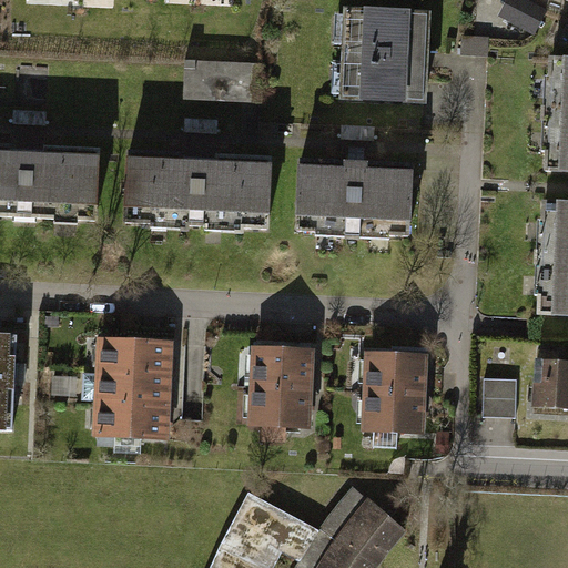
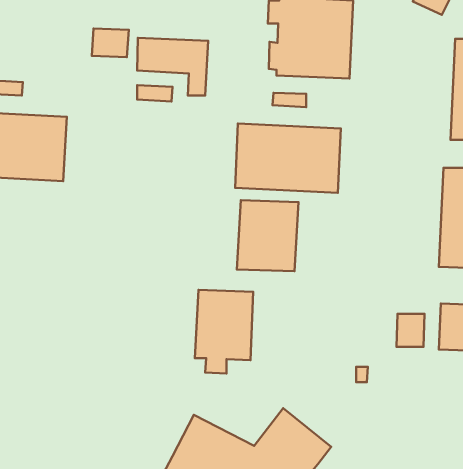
building: none -> [92,28,129,57]
building: [129,151,276,226] -> none
building: [77,334,175,438] -> none
building: [356,356,427,438] -> [237,200,298,271]

